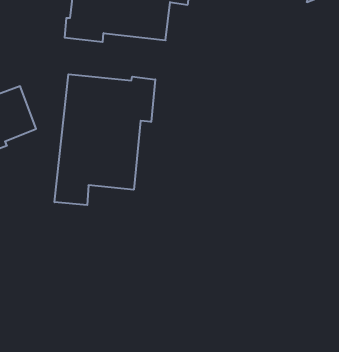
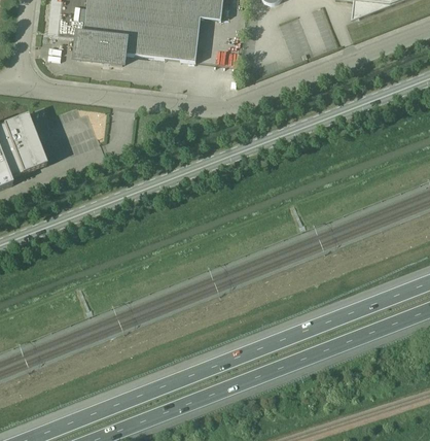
building: [55,74,155,205] -> none

